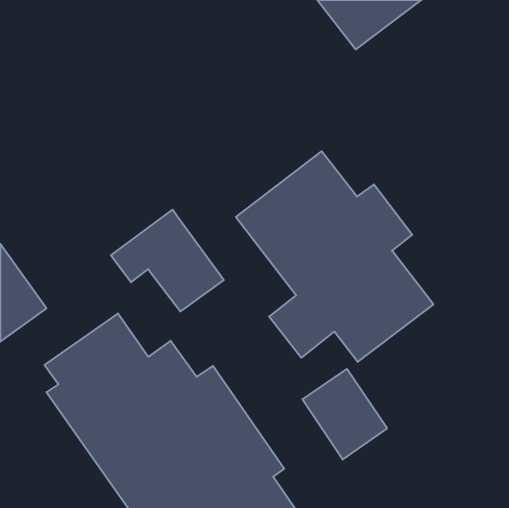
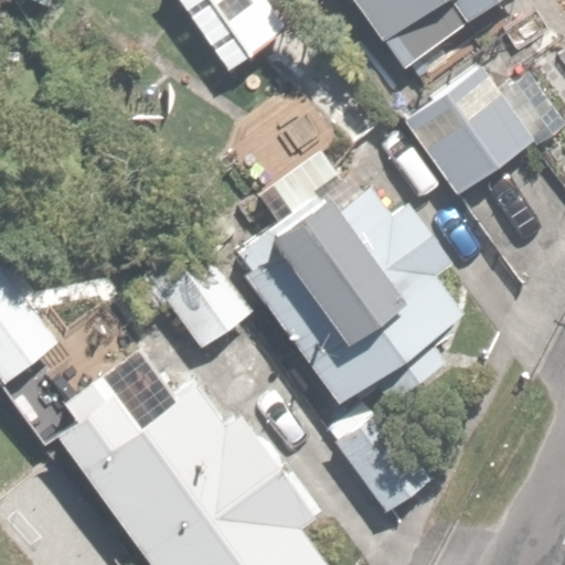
building: none -> [404,65,530,191]

